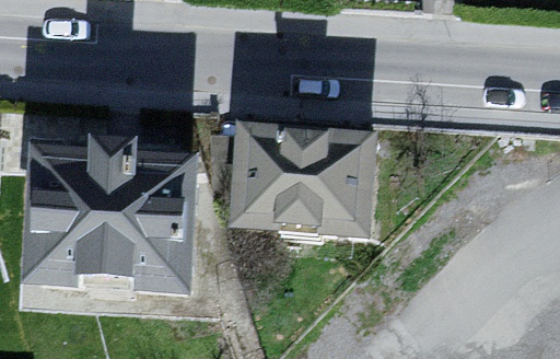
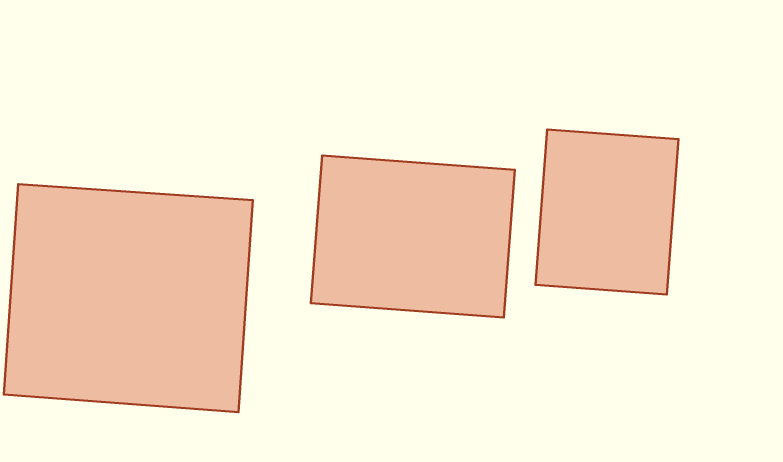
building: none -> [535,130,679,294]

